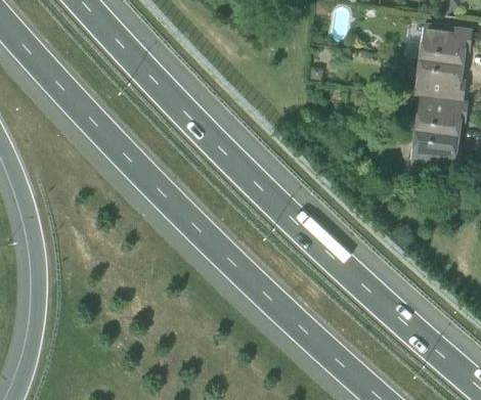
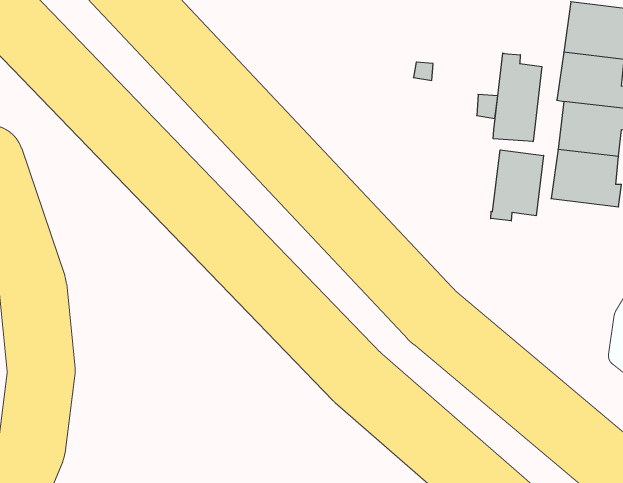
building: none -> [493,53,542,142]
building: none -> [491,150,544,221]

